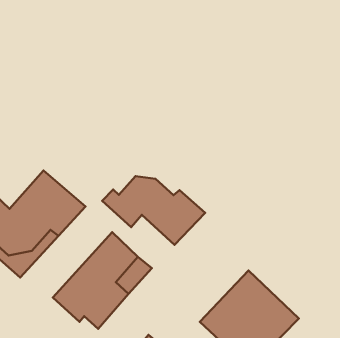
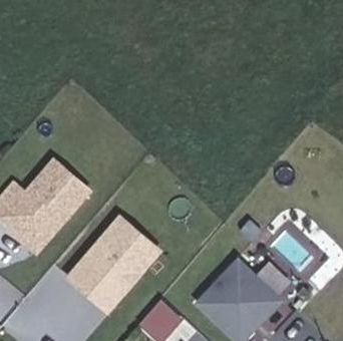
building: [102,176,205,245] -> none

